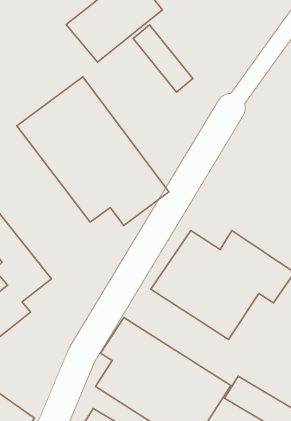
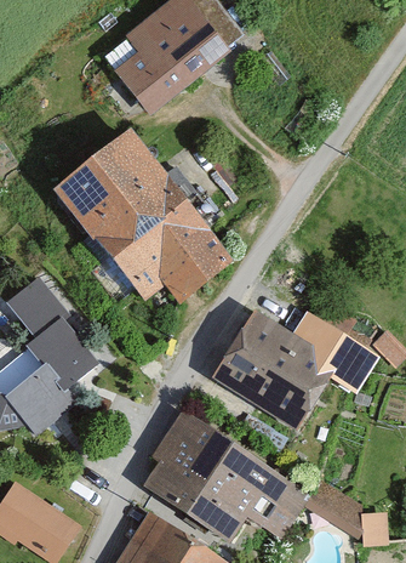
building: [133,25,193,92] -> none

